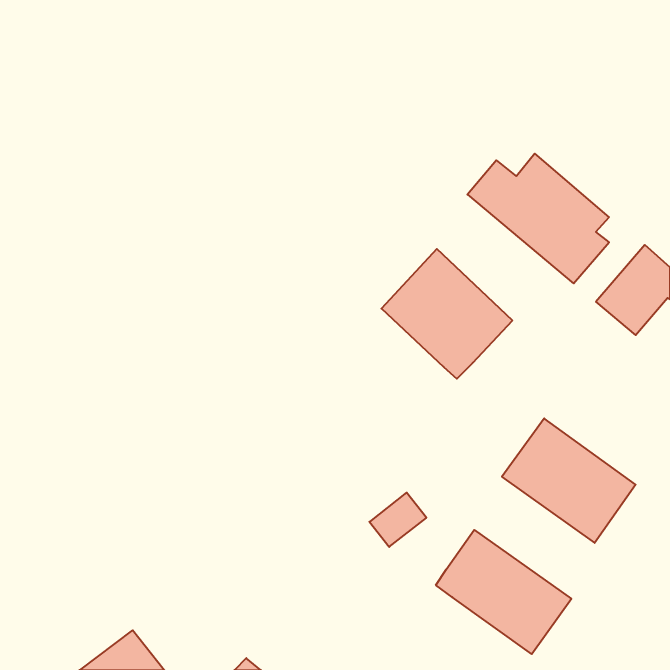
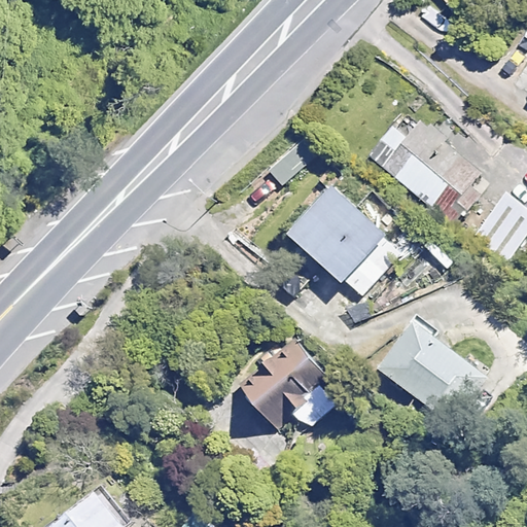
building: none -> [240,343,317,415]
building: [436,530,571,654] -> none

